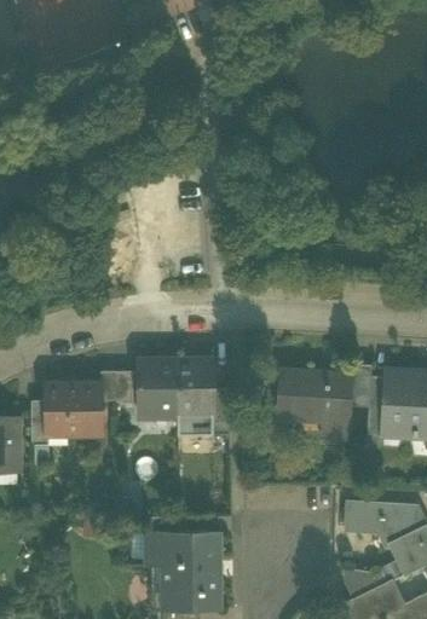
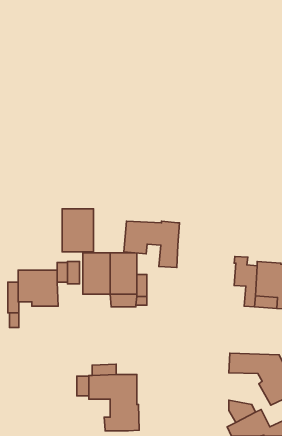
building: none -> [62,209,94,252]
building: [277,371,356,436] -> [124,221,179,267]
building: [152,566,178,609] -> none

